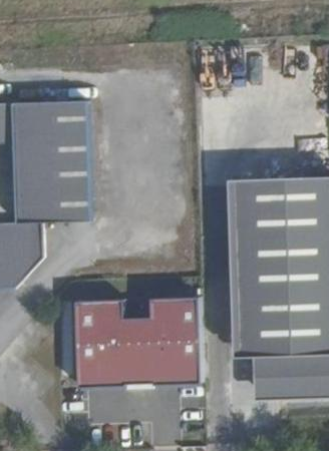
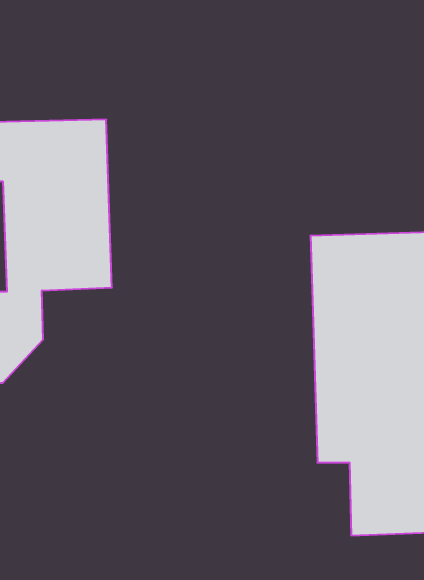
building: [229,182,263,397] -> none
building: [79,300,200,383] -> none

